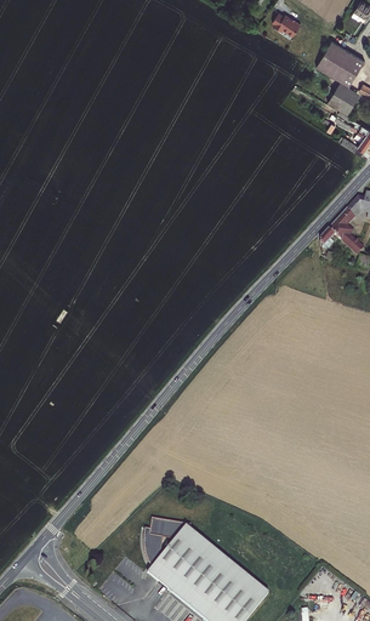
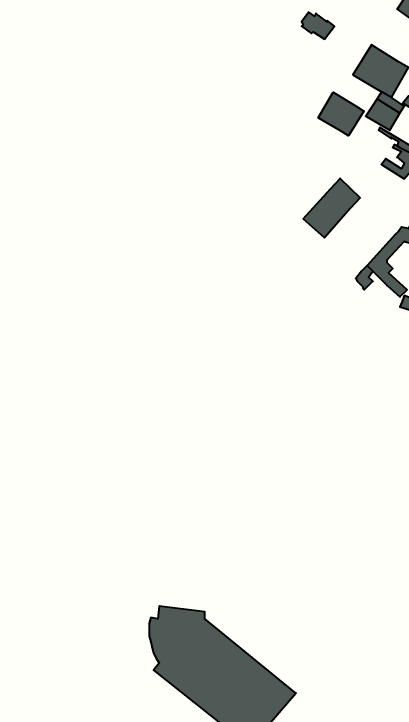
building: none -> [318,92,364,136]
building: none -> [303,178,360,238]

